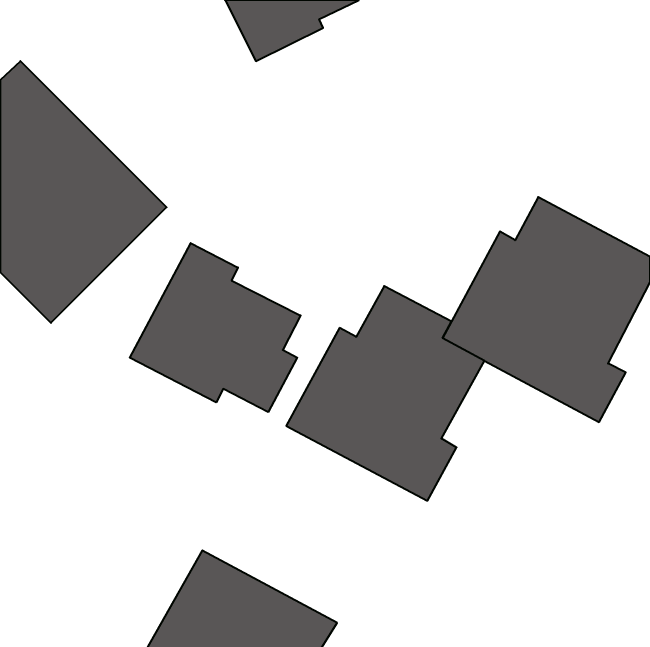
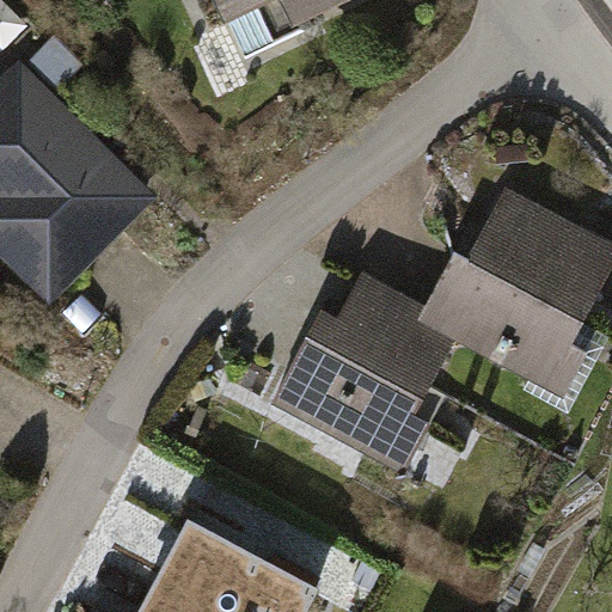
building: [130,243,301,412] -> none

